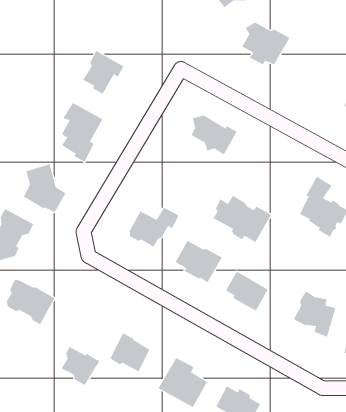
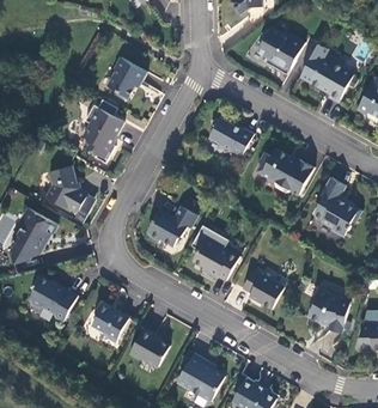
building: none -> [309,50,353,102]
building: [213,195,272,243] -> [256,147,313,194]
building: [61,346,100,386] -> [91,303,129,341]

